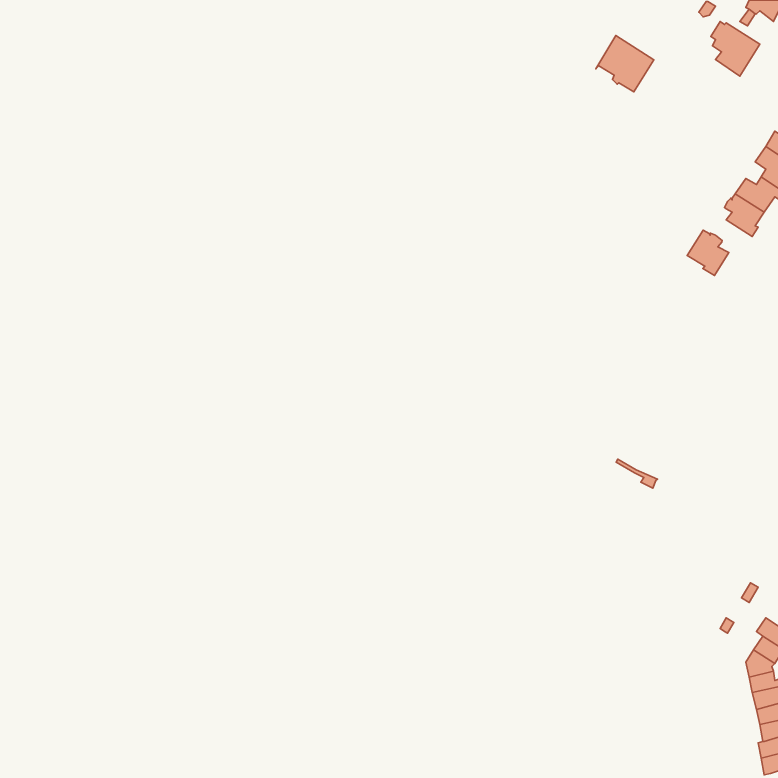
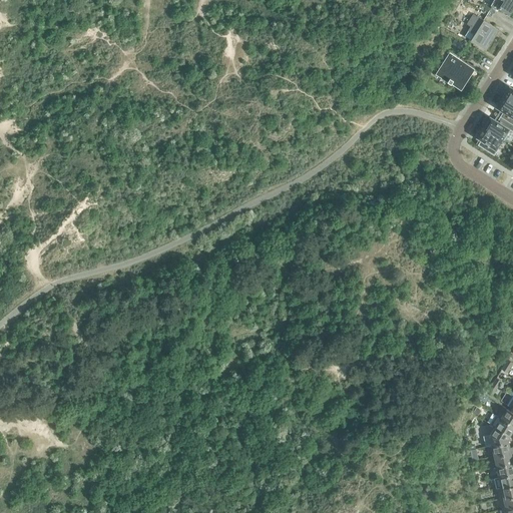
building: [596,35,654,92] -> [437,53,475,90]
building: [687,230,729,276] -> none

